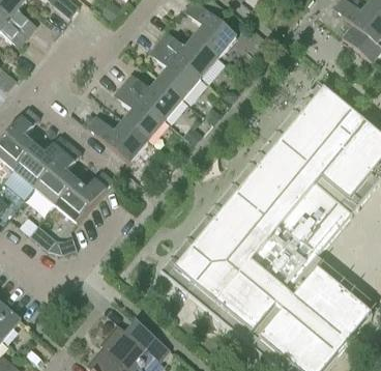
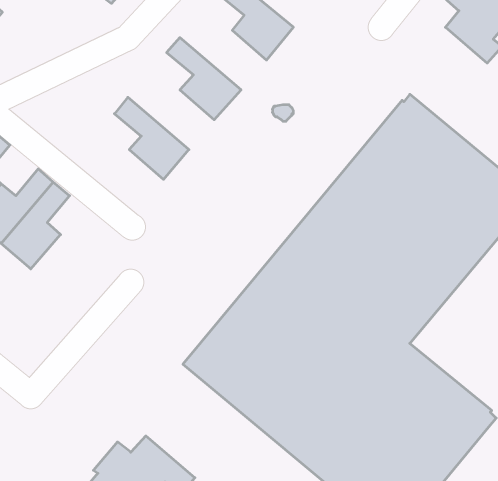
building: [158,32,218,79] -> none
building: [122,74,182,120] -> none
building: [86,115,147,163] -> none
building: [55,170,113,222] -> none

